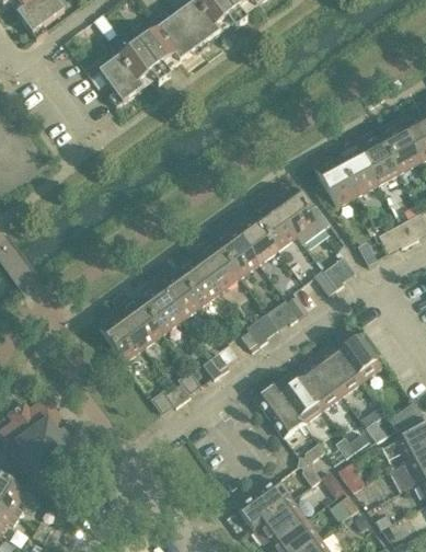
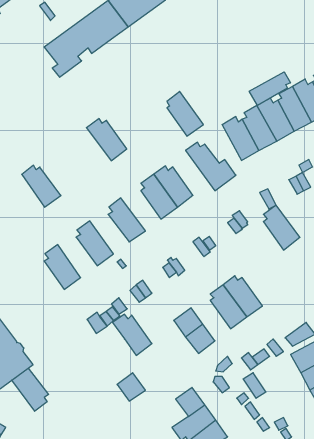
building: none -> [249,72,290,105]
building: [253,196,297,250] -> [167,91,203,136]
building: [191,242,239,292] -> [86,119,127,161]
building: [153,271,200,320] -> none
building: [115,298,162,348] -> [22,165,61,207]
building: [336,329,380,382] -> [263,205,300,250]
building: [275,375,322,424] -> [113,314,152,355]
building: none -> [12,368,49,411]
building: [238,494,272,528] -> [117,373,145,401]

